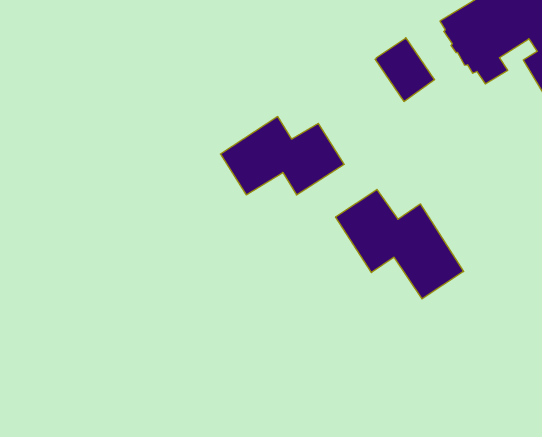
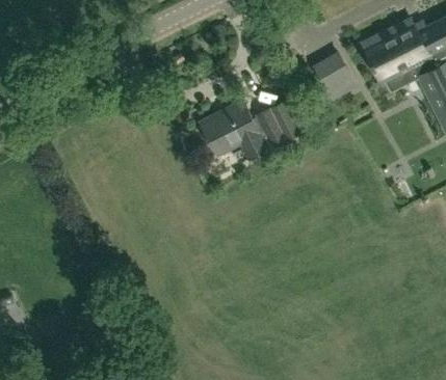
building: [336,189,464,299] -> none

